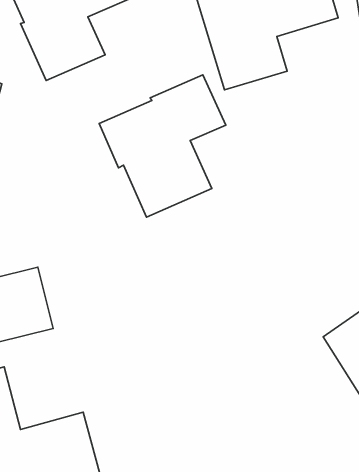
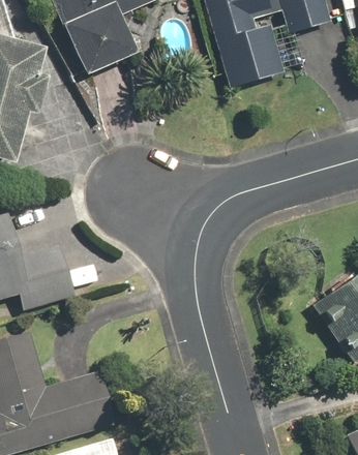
building: [99,75,226,217] -> none

